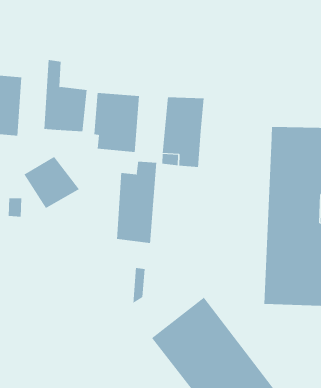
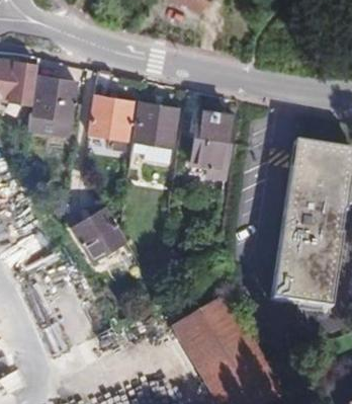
building: [23,156,80,209] -> [72,210,121,256]
building: [116,161,157,244] -> none

